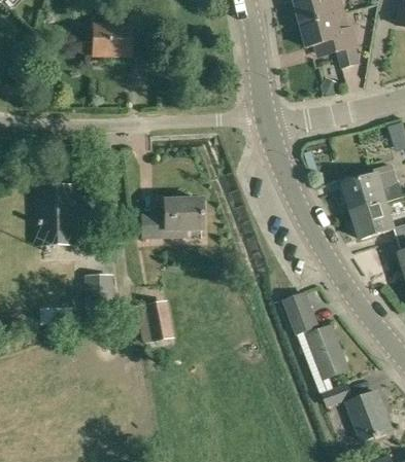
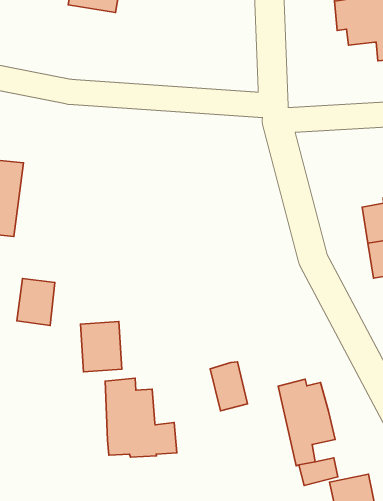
building: [139,199,200,237] -> none
building: [283,292,316,332] -> [210,362,247,411]
building: none -> [105,378,177,457]

